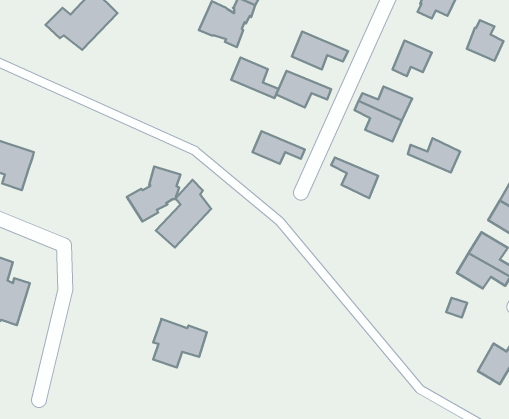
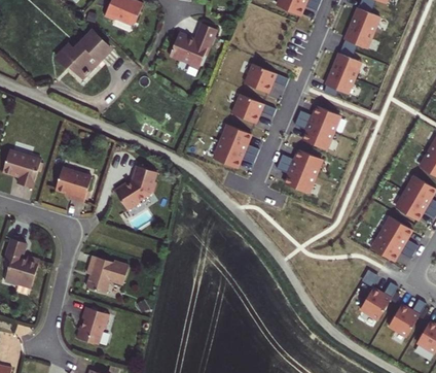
building: [467,20,504,61] -> [332,45,361,77]
building: [231,57,278,98] -> [220,122,257,154]
building: [408,138,460,172] -> [278,147,319,174]
building: none -> [55,168,90,203]
building: [156,180,211,248] -> none
building: none -> [361,283,399,321]
building: [153,319,207,367] -> [84,253,126,292]
building: none -> [74,308,107,343]

